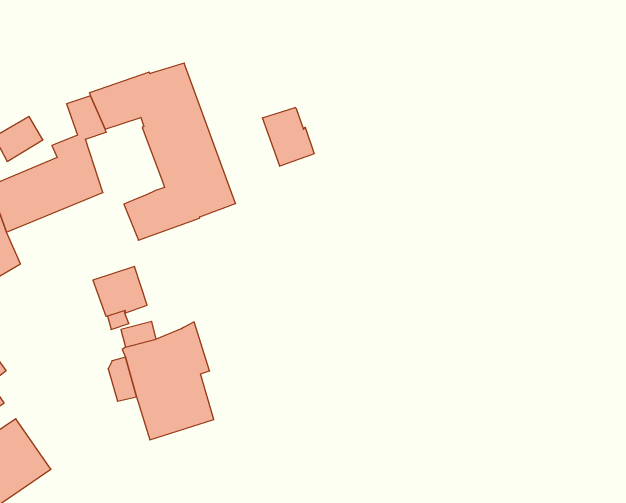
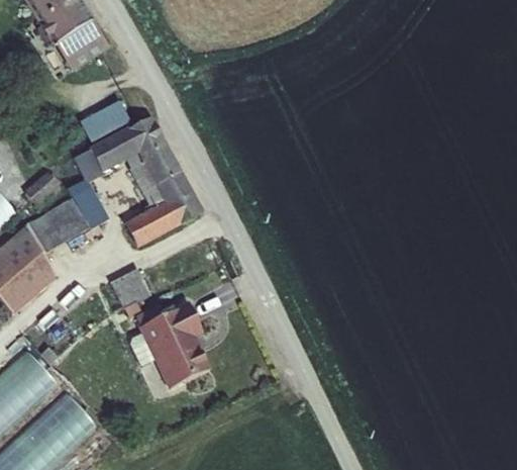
building: none -> [79,99,129,142]
building: [262,107,314,166] -> none

